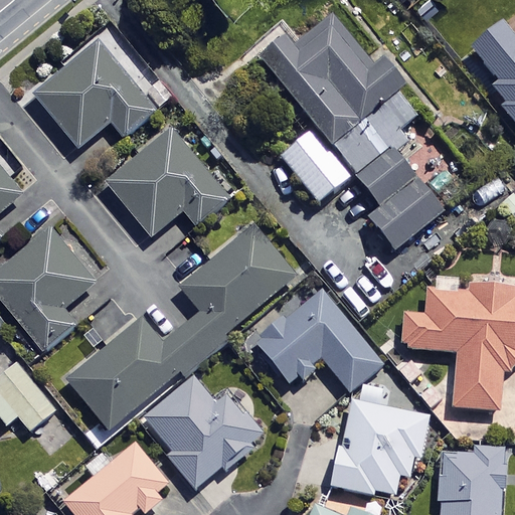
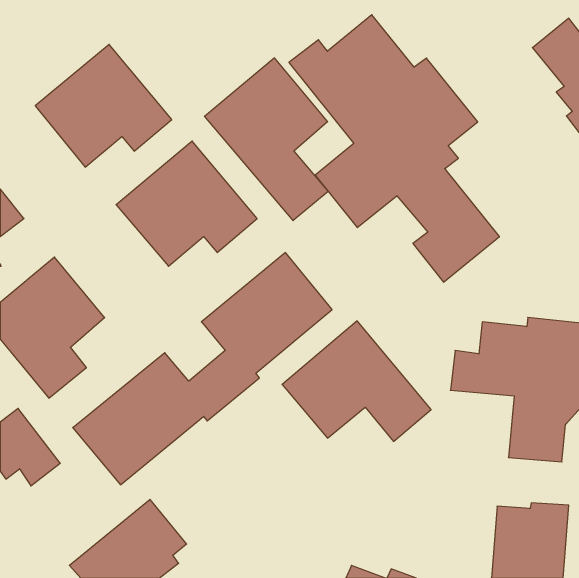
building: none -> [205,58,328,221]
building: [145,376,267,490] -> none
building: [329,395,426,498] -> none

